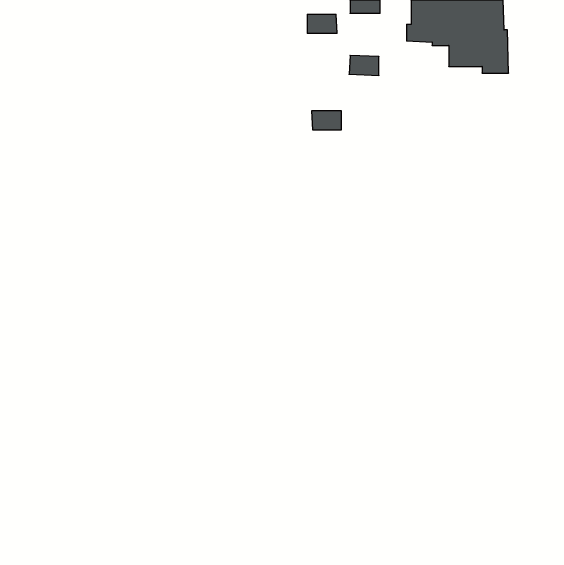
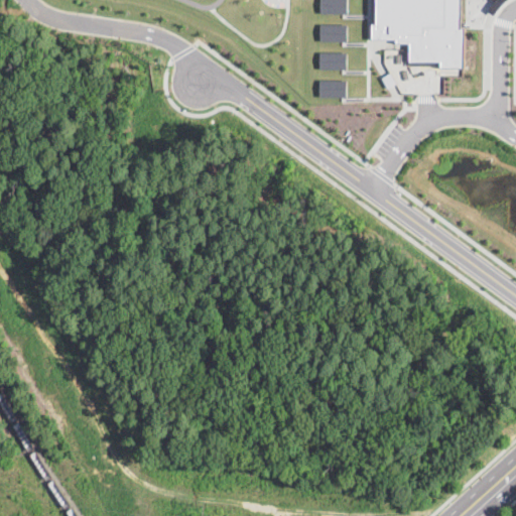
building: [307,14,337,33] -> [318,24,346,41]
building: [312,111,341,130] -> [317,80,345,97]

